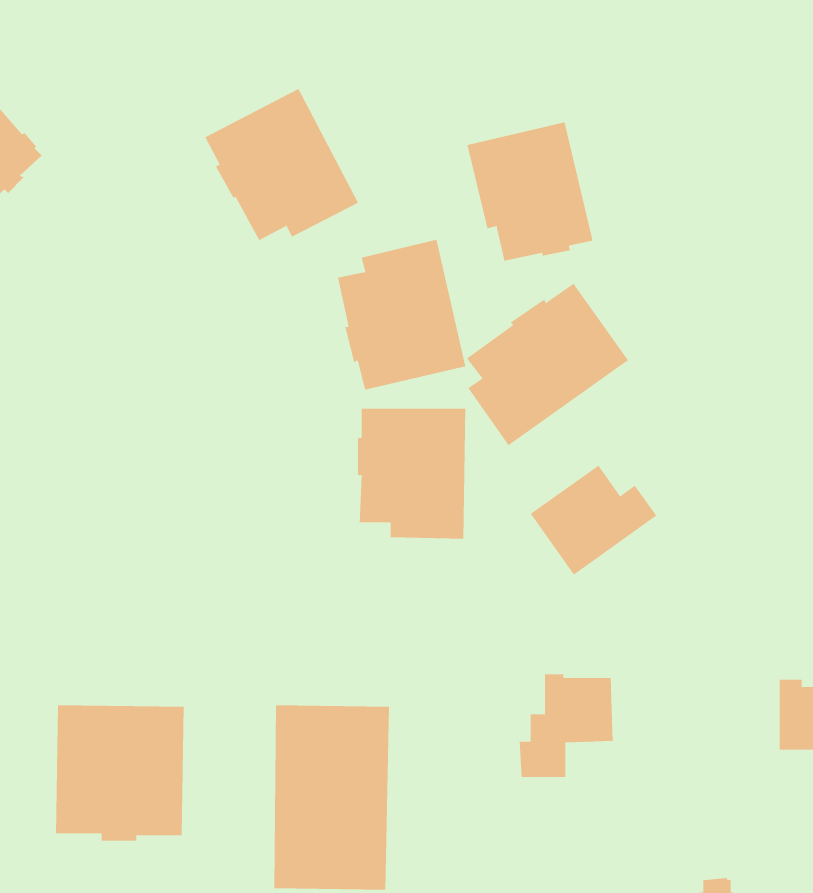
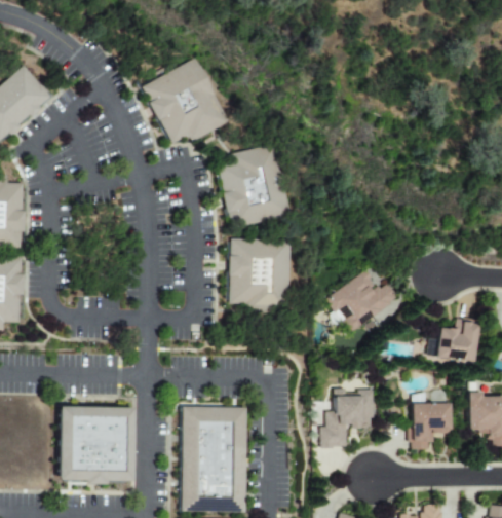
building: [467,122,593,261] -> none
building: [466,283,629,446] -> none
building: none -> [437,318,478,361]
building: none -> [411,404,450,449]

